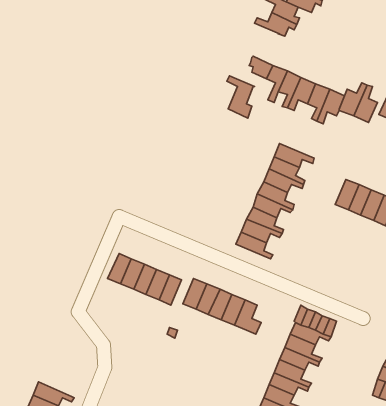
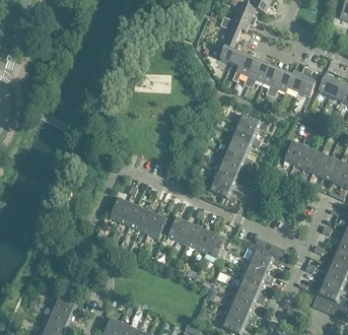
building: [227,76,255,118] -> [220,20,241,53]

